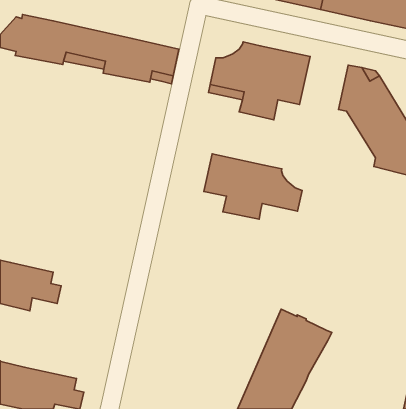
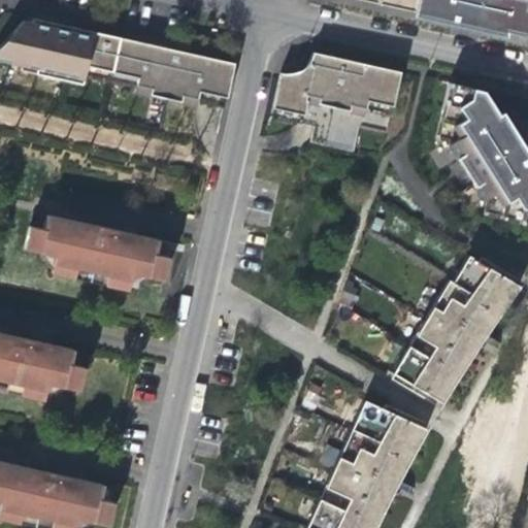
building: [204,154,302,219] -> none
building: none -> [25,213,169,289]
building: none -> [394,253,523,402]

